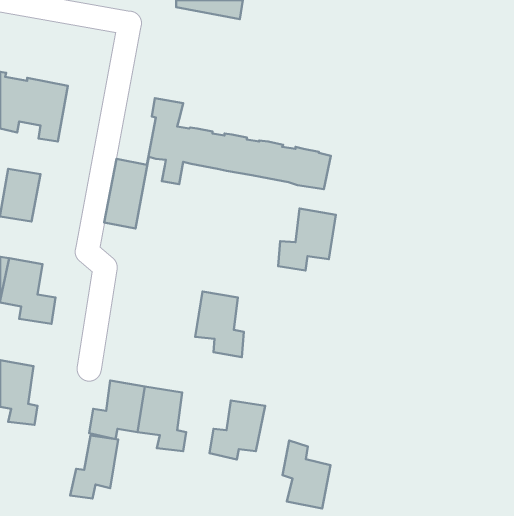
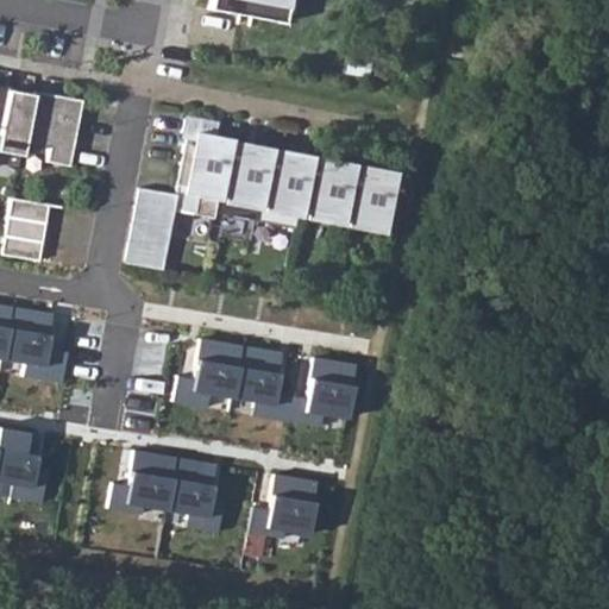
building: [278,209,336,270] -> [288,353,356,426]
building: none -> [176,338,241,407]
building: [70,436,118,498] -> none
building: [283,440,330,509] -> none

